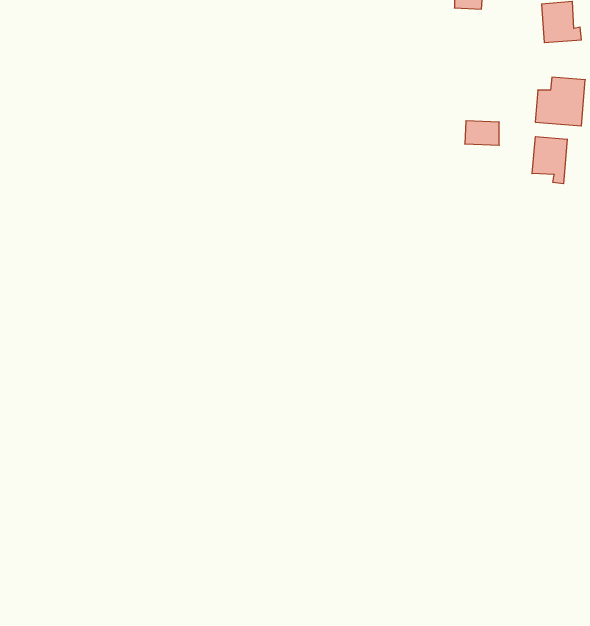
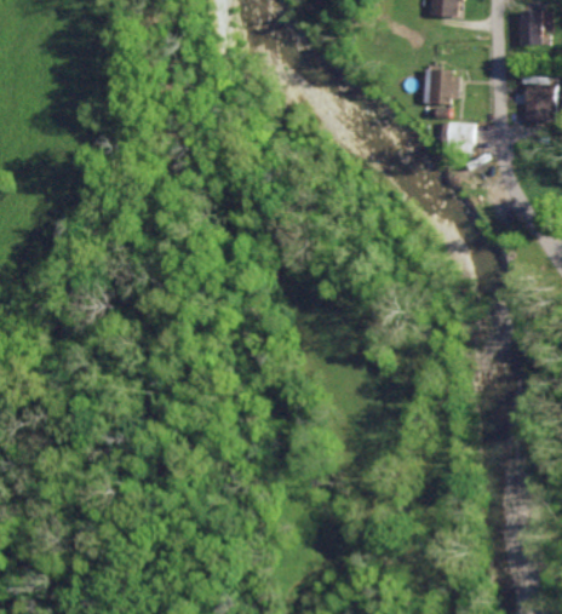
building: none -> [426,67,463,105]
building: [532,137,567,184] -> none

